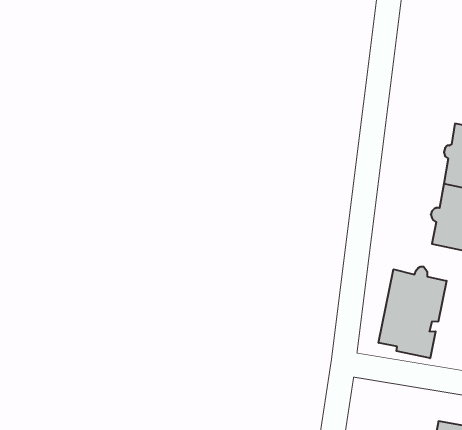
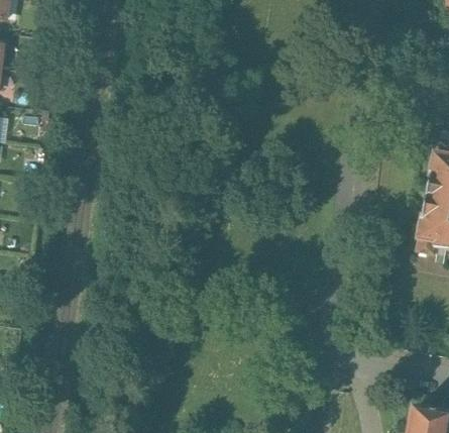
building: [379,267,447,358] -> none

